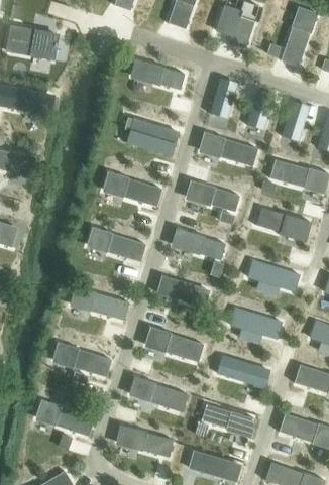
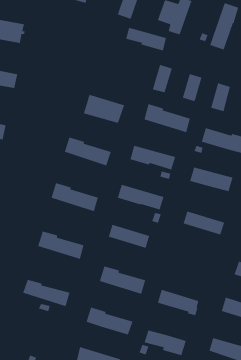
building: [133,59,184,90] -> [125,27,167,52]
building: [229,308,281,338] -> none
building: [35,400,94,436] -> none

